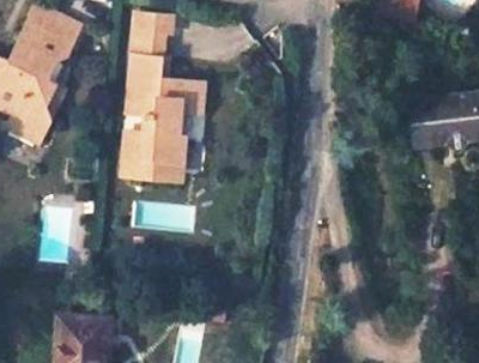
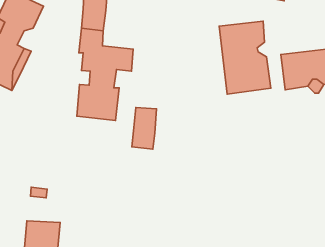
building: none -> [219,21,271,94]
building: none -> [132,108,156,149]

